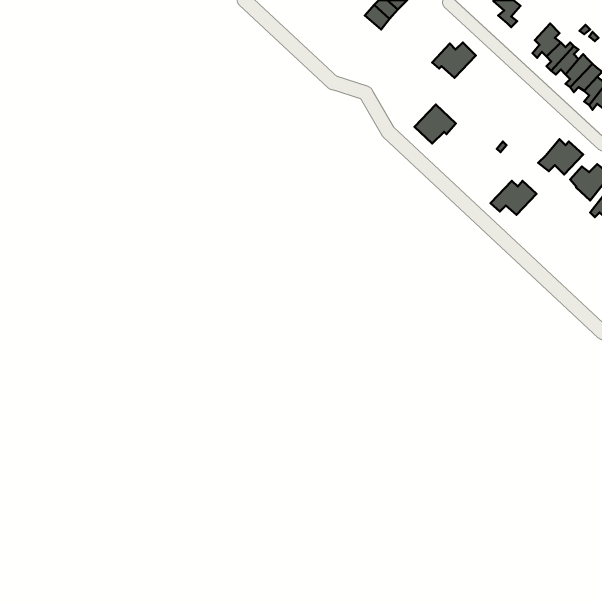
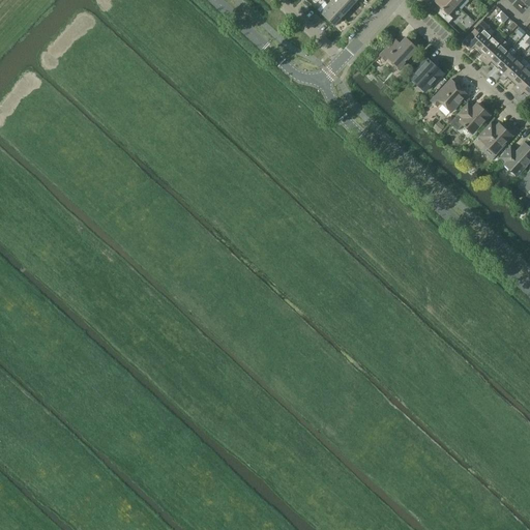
building: none -> [432,80,468,113]
building: [415,105,456,143] -> [409,57,445,91]
building: [491,181,537,215] -> [450,104,491,134]

